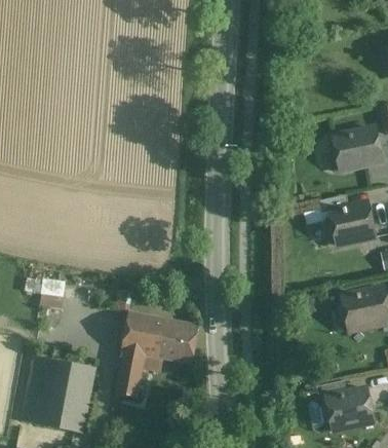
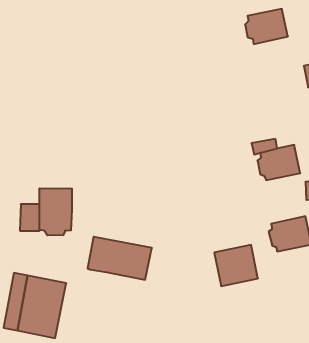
building: [331,128,382,171] -> [245,9,288,44]
building: none -> [40,188,72,235]
building: [117,351,145,398] -> none
building: [324,383,377,433] -> [214,245,258,286]

